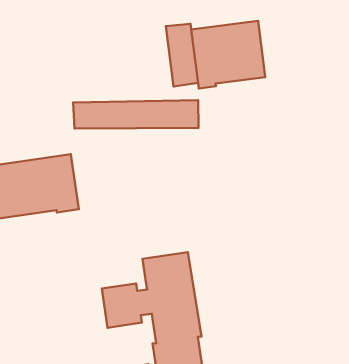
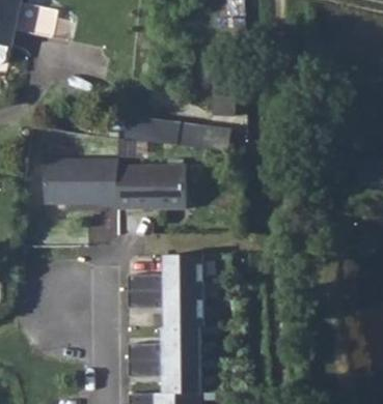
building: [191,21,265,88] -> none
building: none -> [116,165,184,209]

